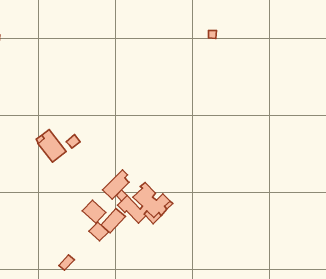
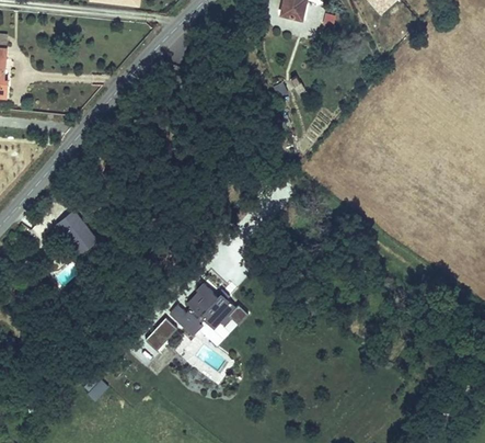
building: [103,170,129,199] -> none
building: [82,200,106,223] -> none

